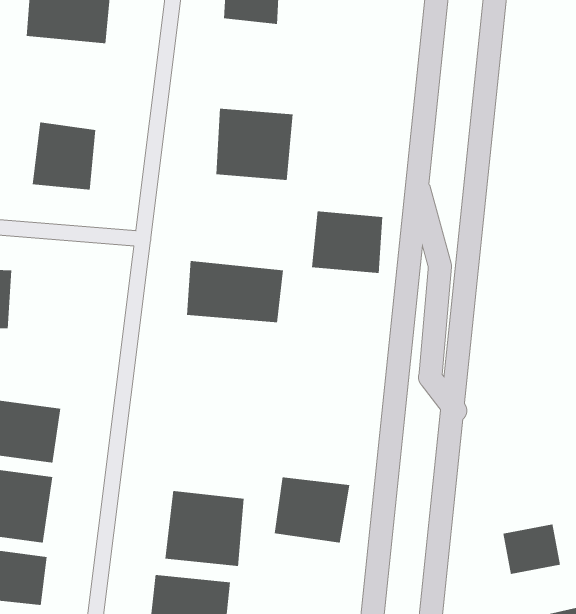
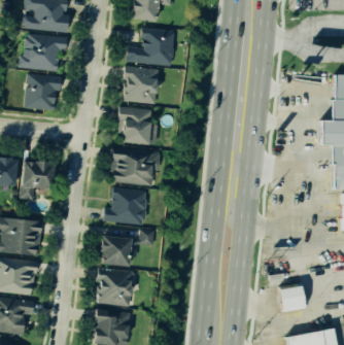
building: none -> [130,30,174,63]
building: none -> [24,34,66,68]
building: [311,211,383,273] -> [116,108,154,141]
building: none -> [22,162,51,198]
building: none -> [113,187,148,215]
building: [274,477,350,543] -> [94,226,134,261]

